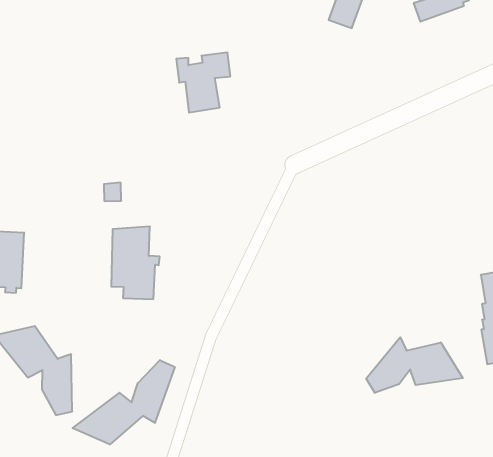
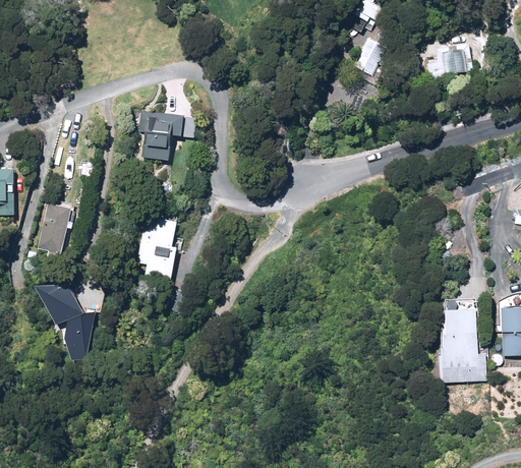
building: [176,53,230,113] -> [138,109,183,156]
building: [366,337,463,393] -> none
building: [73,360,175,444] -> none

